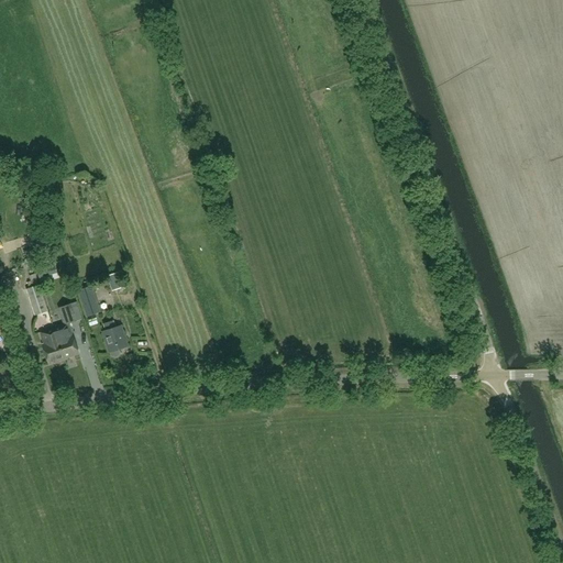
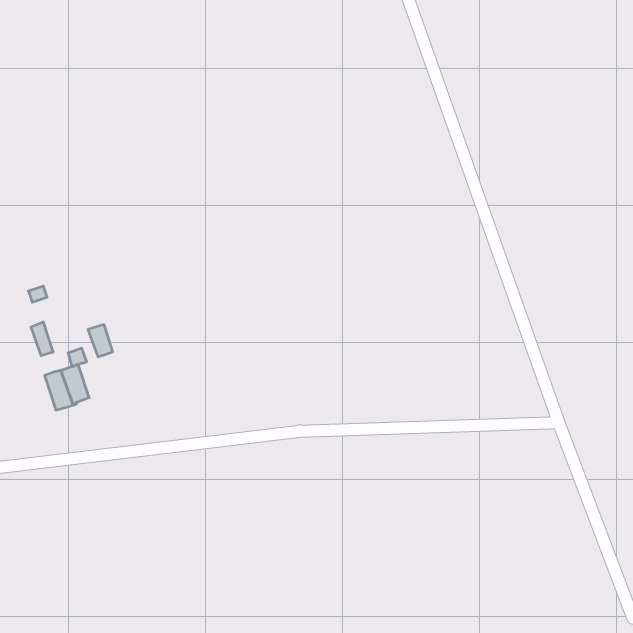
building: [103,320,128,357] -> none

